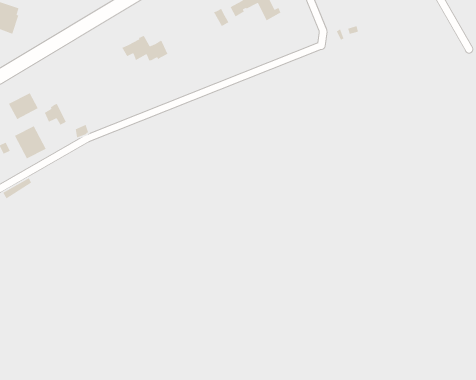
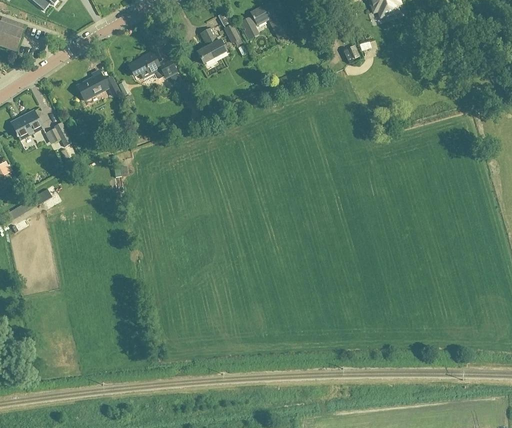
building: none -> [196,28,226,63]
building: none -> [76,69,118,100]
building: [14,125,47,160] -> none

